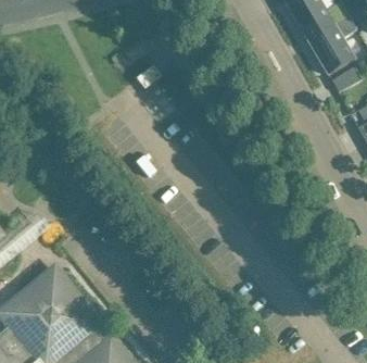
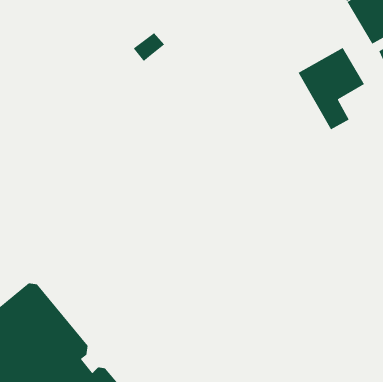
building: none -> [298,47,365,130]

